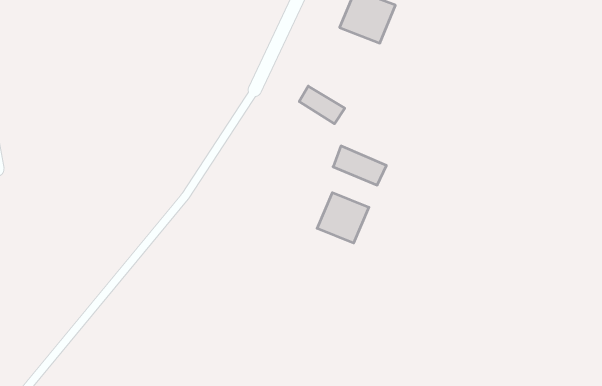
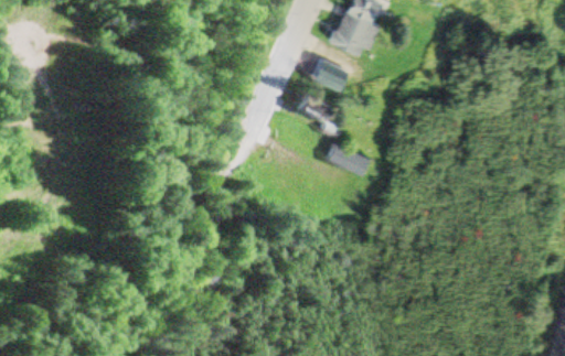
building: none -> [310,52,349,95]
building: [317,193,369,243] -> none

